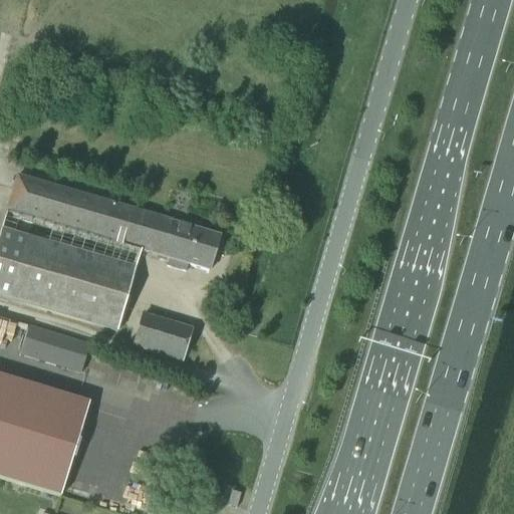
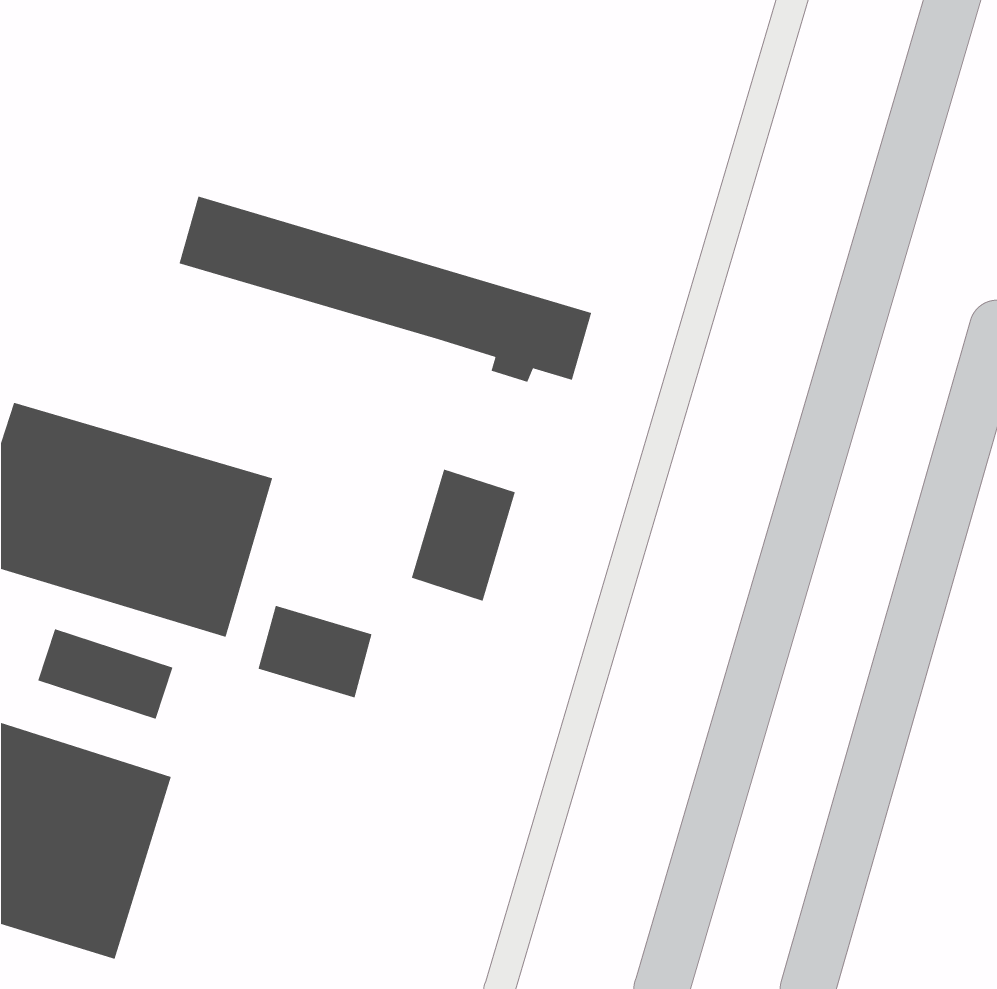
building: [7,172,220,268] -> [178,196,592,383]
building: none -> [411,468,516,602]

